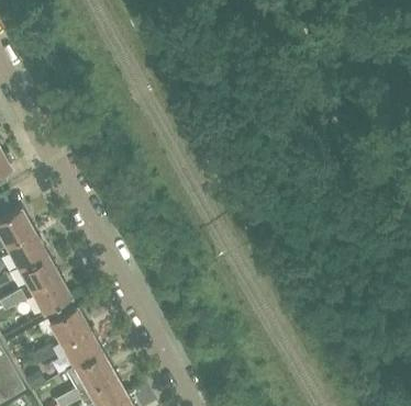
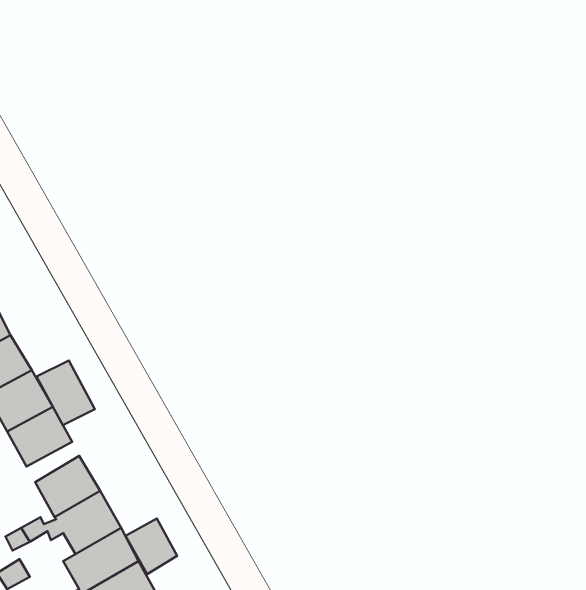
building: none -> [37,361,95,425]
building: none -> [125,519,177,574]

